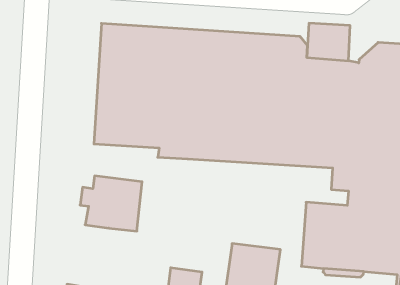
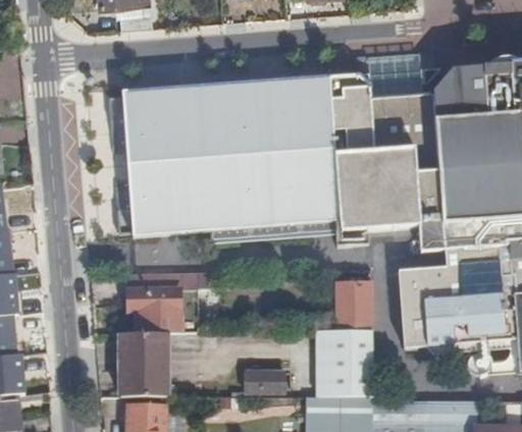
building: none -> [337,271,372,329]
building: none -> [120,334,167,397]

